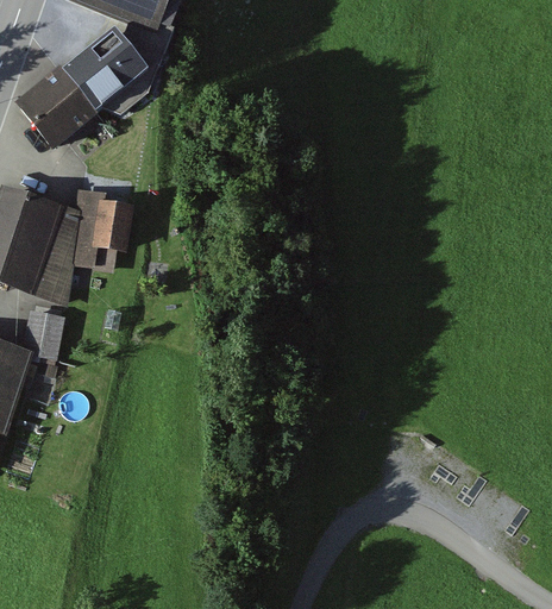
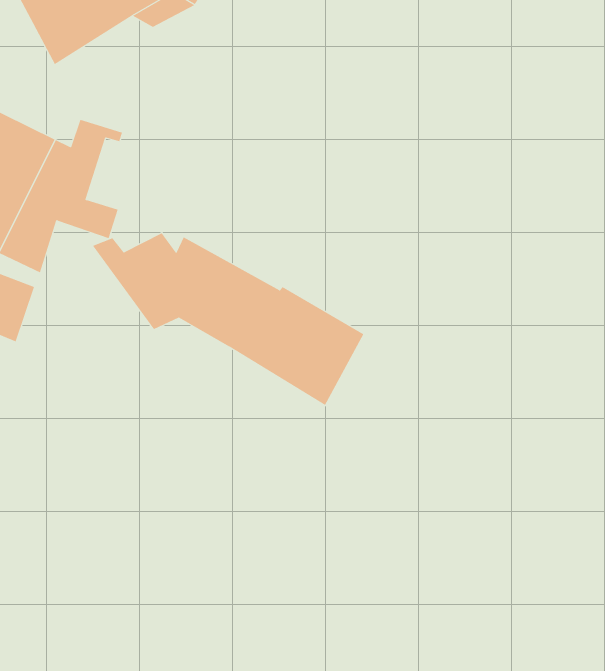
building: [90,197,132,250] -> none
building: none -> [92,233,364,406]

